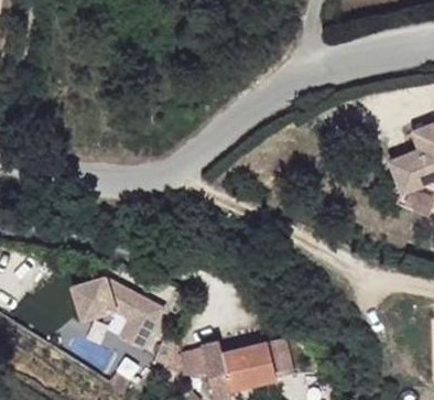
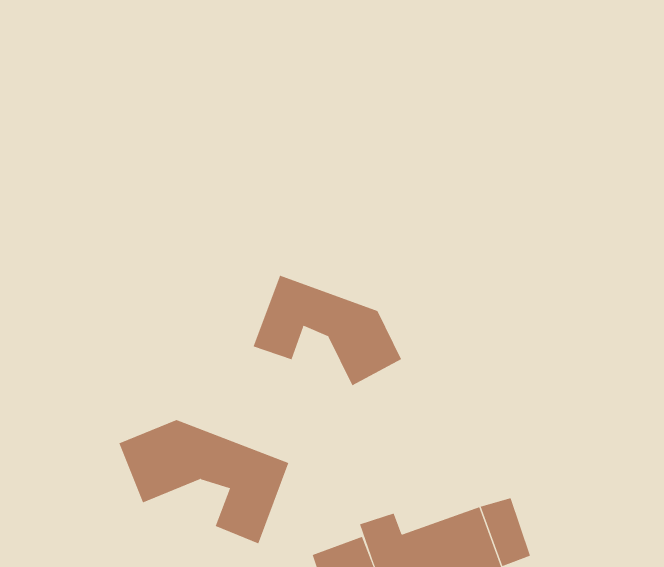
building: none -> [253,275,402,386]

